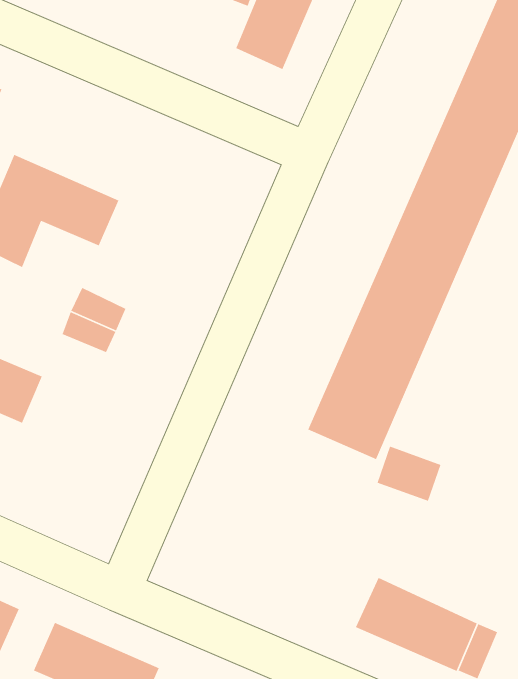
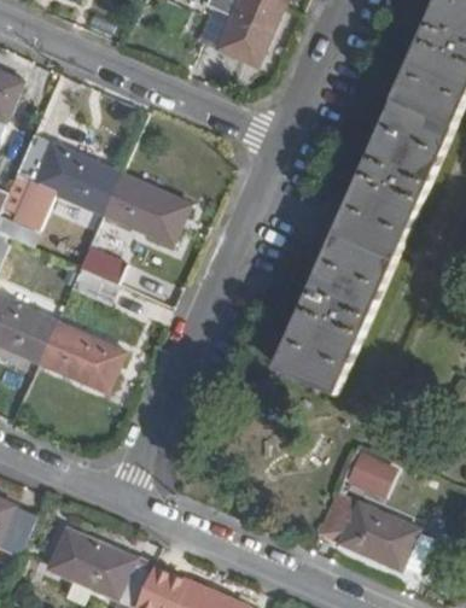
building: none -> [103,175,190,245]
building: none -> [39,322,124,392]
building: [376,446,441,502] -> [345,451,400,498]

